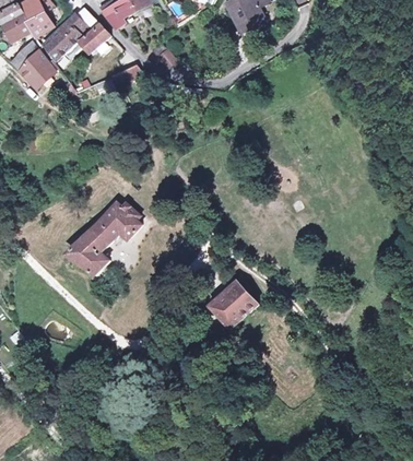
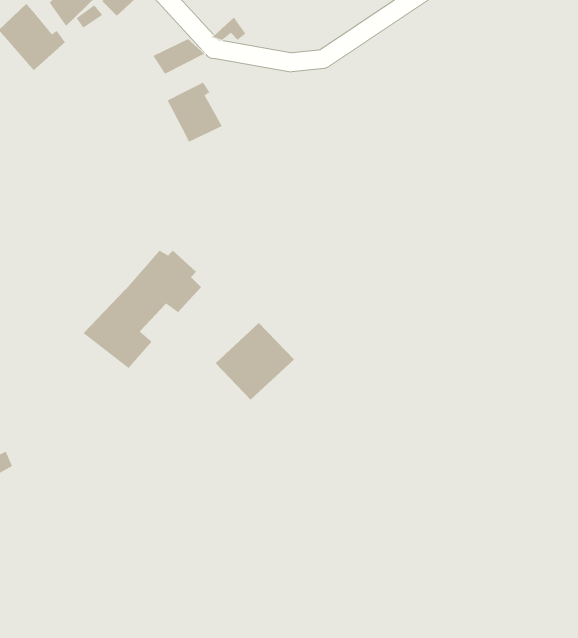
building: none -> [167,82,222,142]
building: [210,281,261,331] -> [215,322,295,400]

